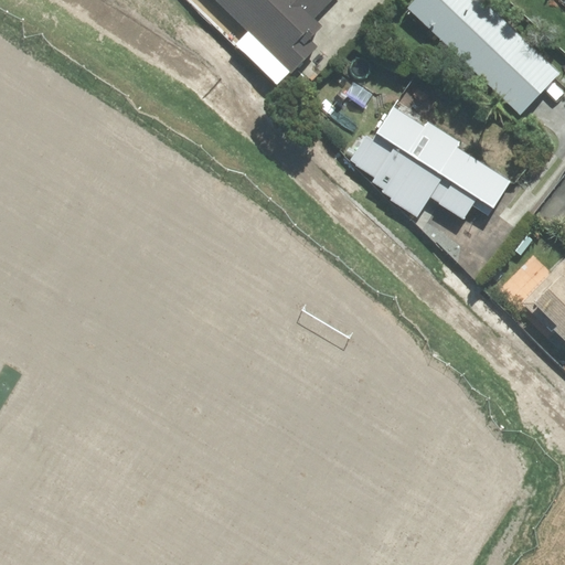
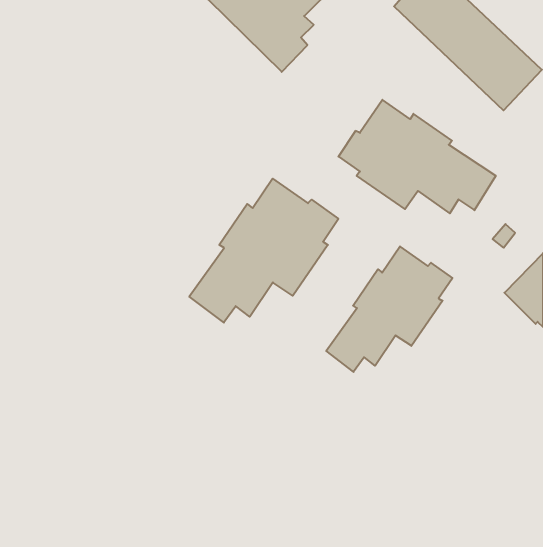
building: none -> [189,179,338,323]
building: none -> [326,246,452,372]

